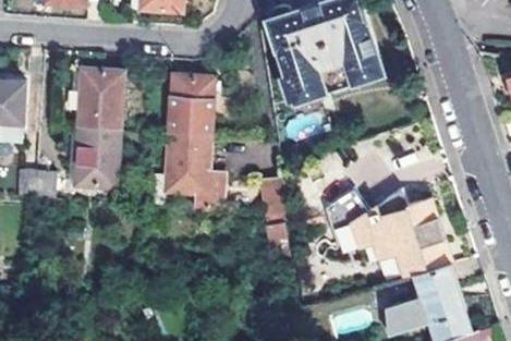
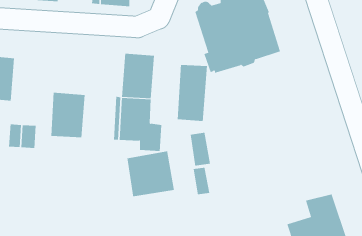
building: [77,71,124,132] -> none
building: none -> [177,64,208,122]
building: [342,191,451,279] -> none
building: none -> [127,150,174,197]

